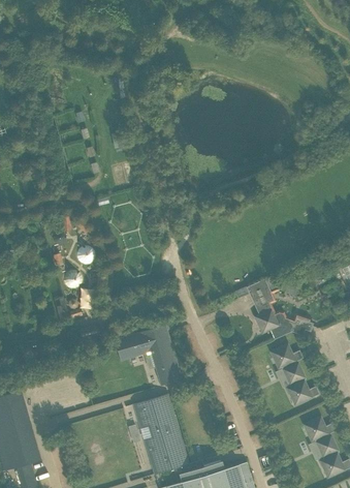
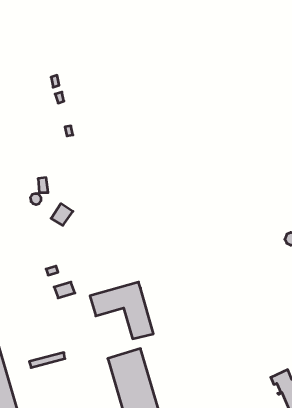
building: [246,279,313,339] -> none
building: [269,343,319,405] -> none

